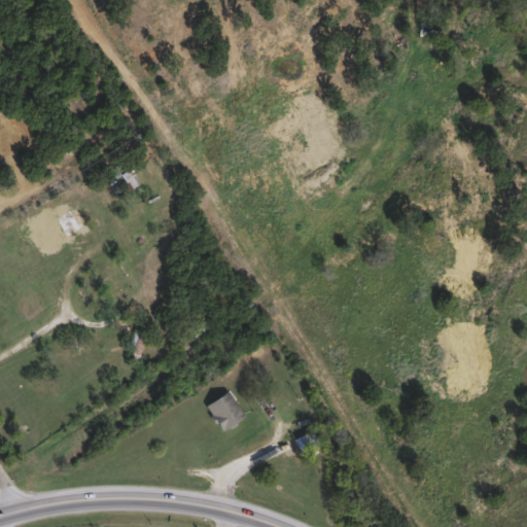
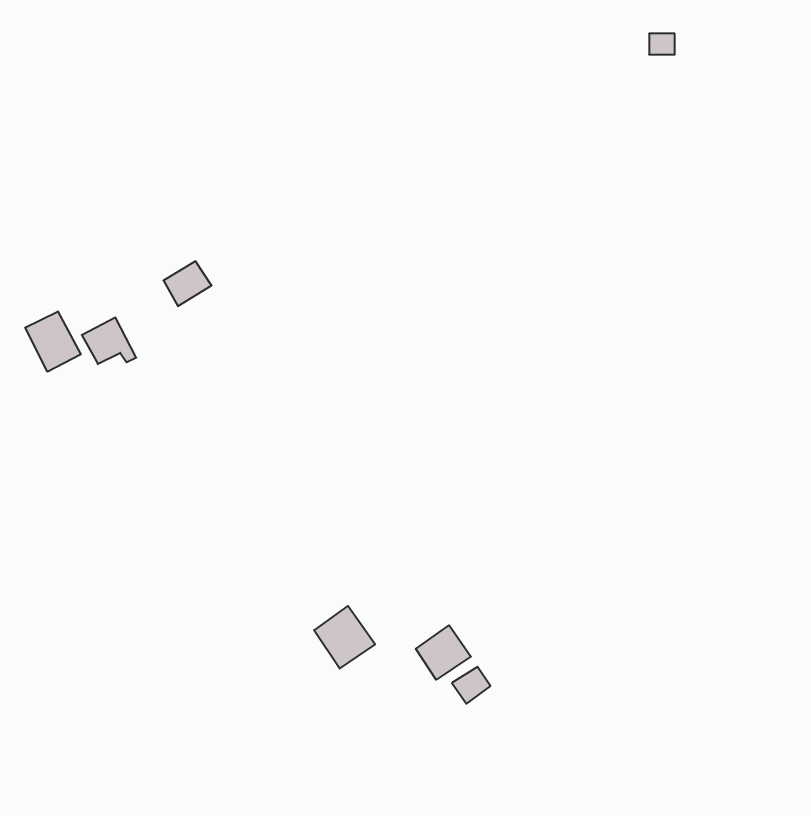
building: none -> [25,311,81,372]
building: none -> [416,625,471,680]

